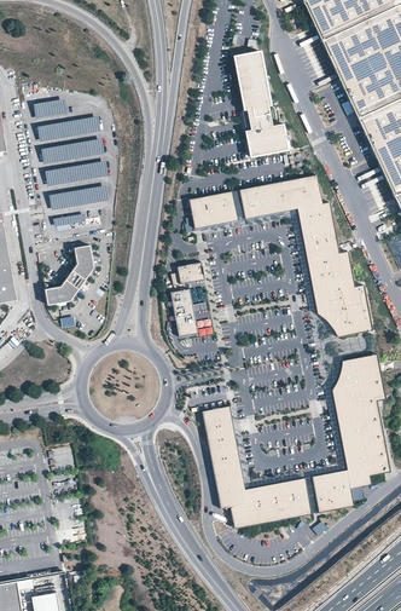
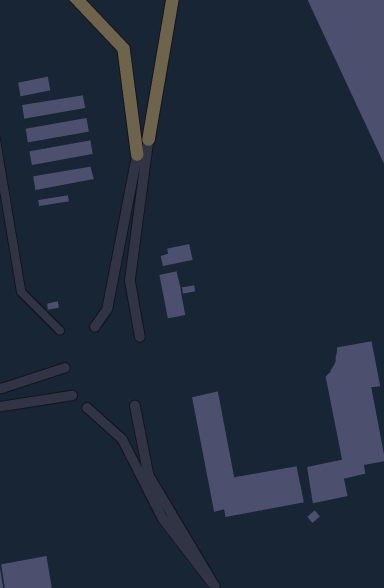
building: [234,54,287,160] -> none
building: [239,175,372,338] -> none
building: [188,191,238,229] -> none
building: [45,244,93,305] -> none

